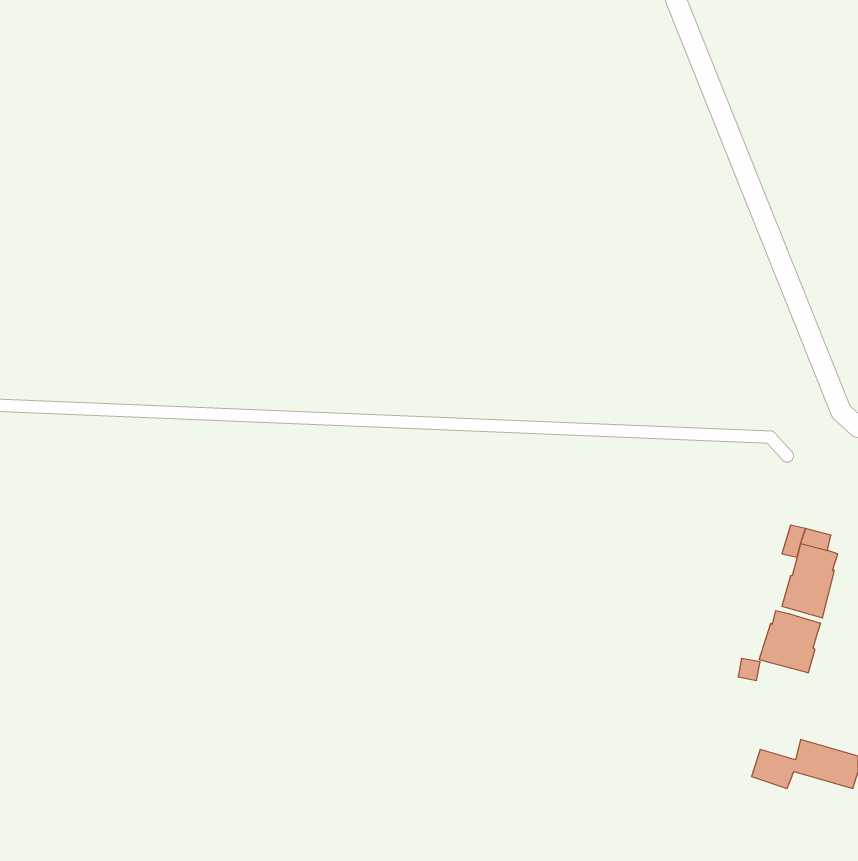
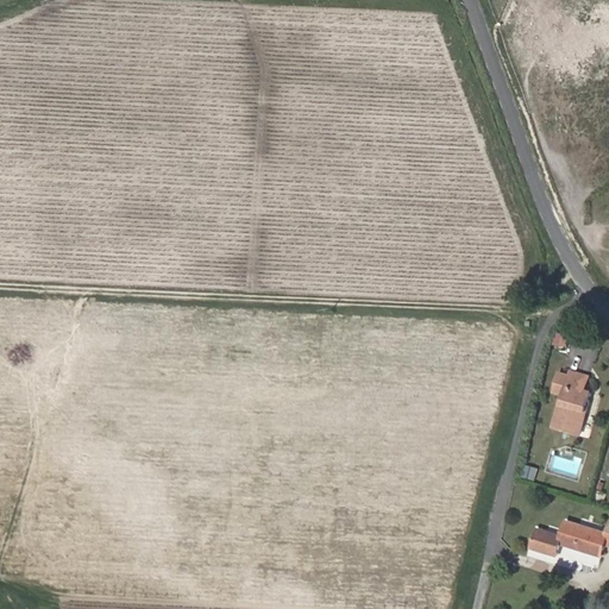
building: [759,611,820,673] -> none

